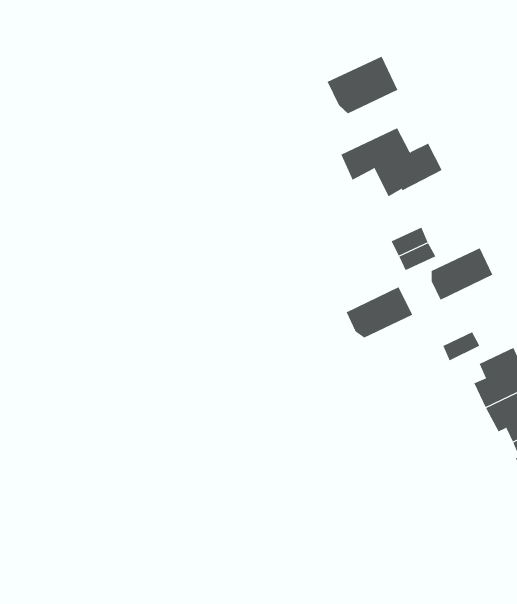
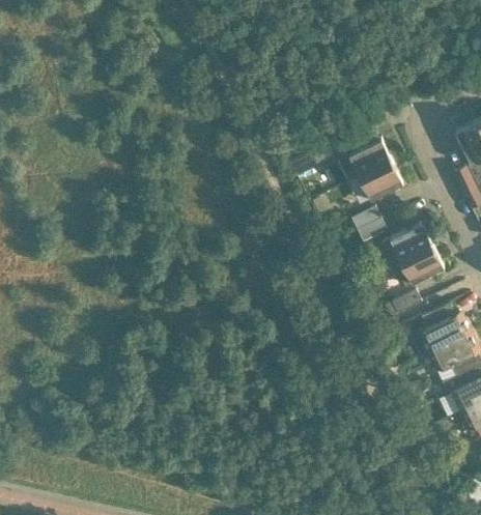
building: [327,56,398,114] -> none
building: none -> [362,162,404,200]
building: [346,286,413,338] -> [392,246,446,287]

